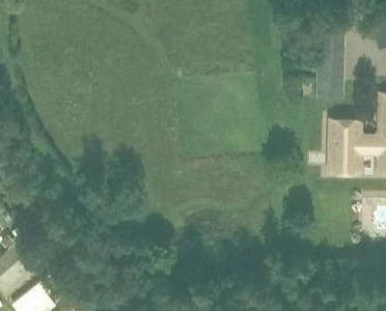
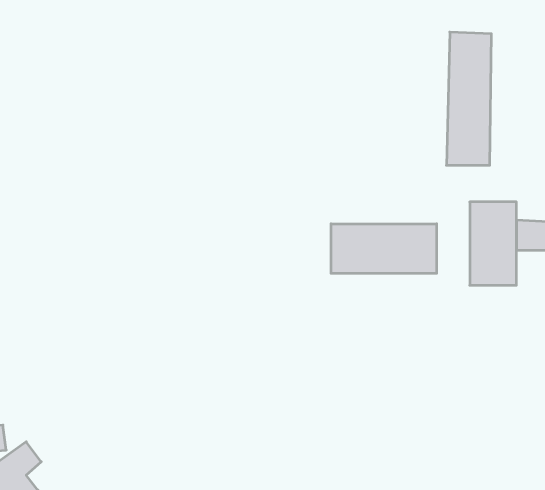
building: none -> [331,224,437,273]

